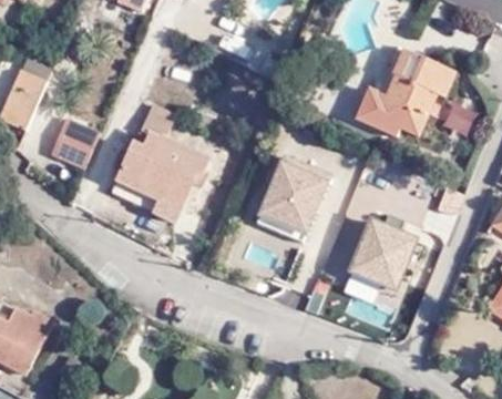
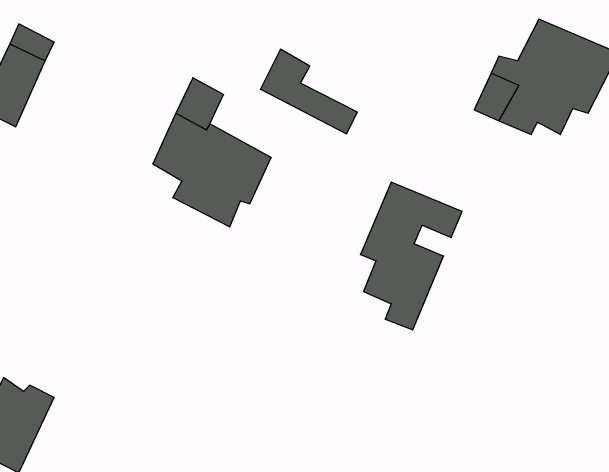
building: [53,116,102,166] -> none
building: [109,154,178,215] -> [260,49,357,134]
building: [338,209,421,299] -> none

